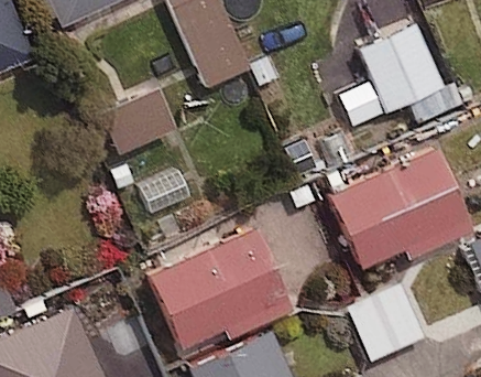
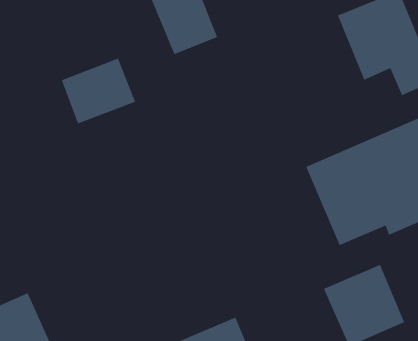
building: [152,228,291,346] -> none

